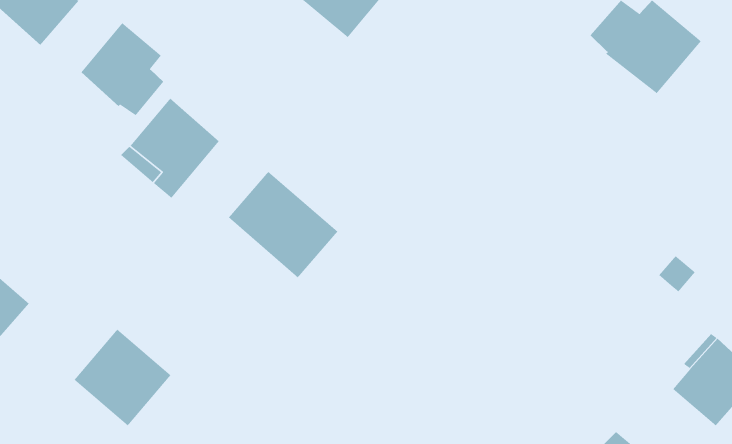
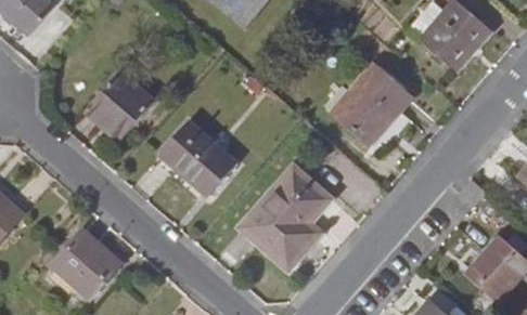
building: [81,22,164,116] -> none
building: none -> [332,64,410,143]
building: none -> [240,165,332,270]

